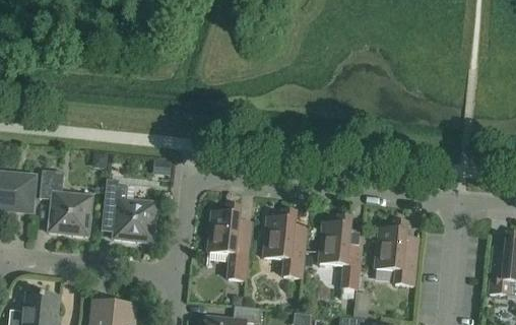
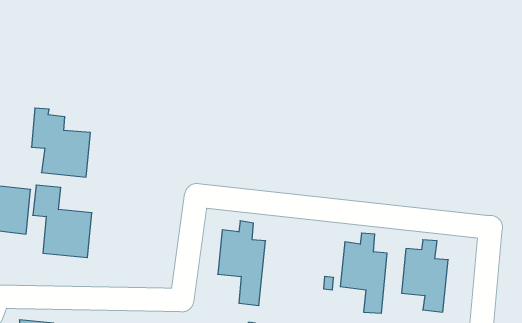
building: [103,179,156,242] -> [31,108,90,177]
building: [263,208,306,277] -> none

